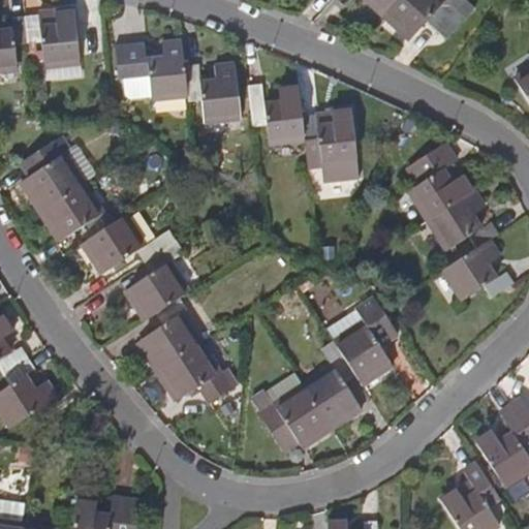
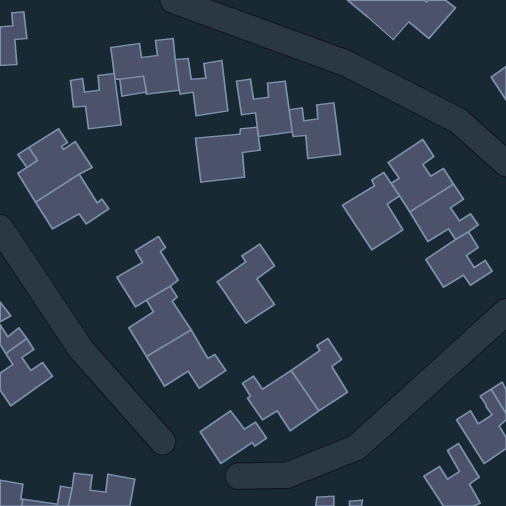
building: [25,5,77,63] -> [71,73,121,129]
building: none -> [196,127,260,182]
building: none -> [343,173,403,250]
building: [77,213,165,273] -> none
building: [335,304,395,386] -> [217,244,275,323]
building: none -> [200,411,266,463]

